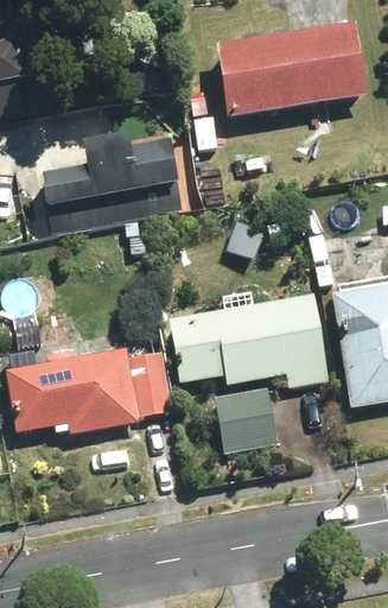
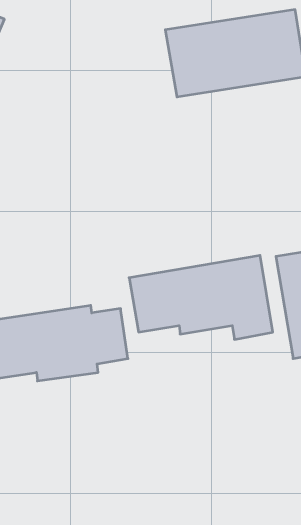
building: [43,135,182,210] -> none
building: [214,385,276,451] -> none

